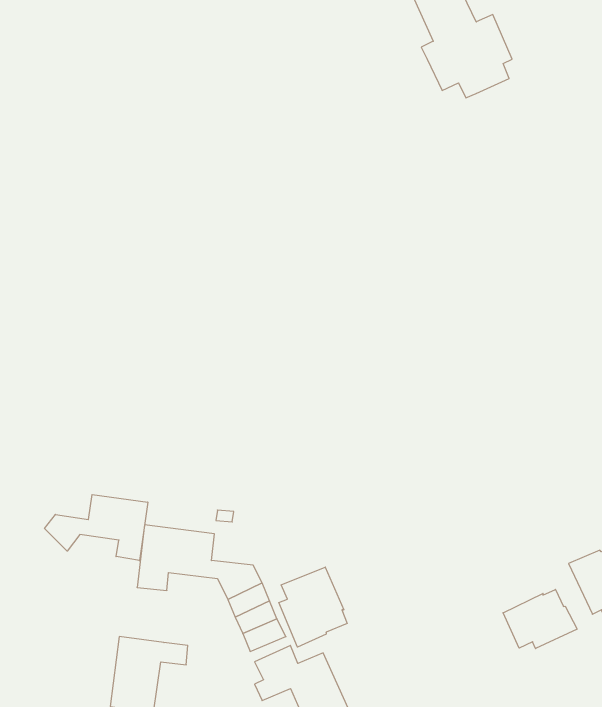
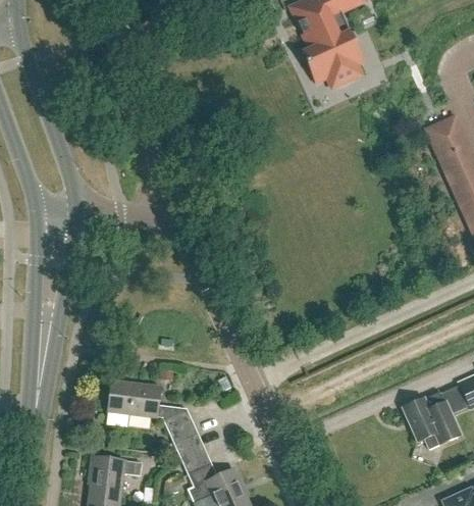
building: [45,495,148,561] -> none
building: [279,567,347,647] -> none
building: [503,589,577,649] -> none

